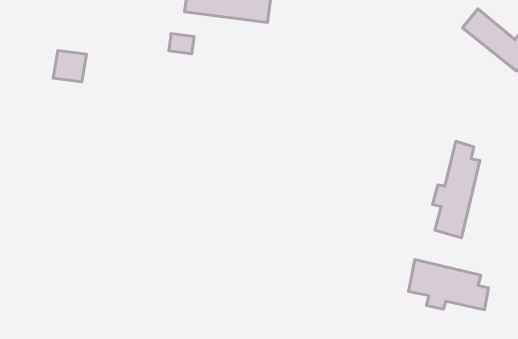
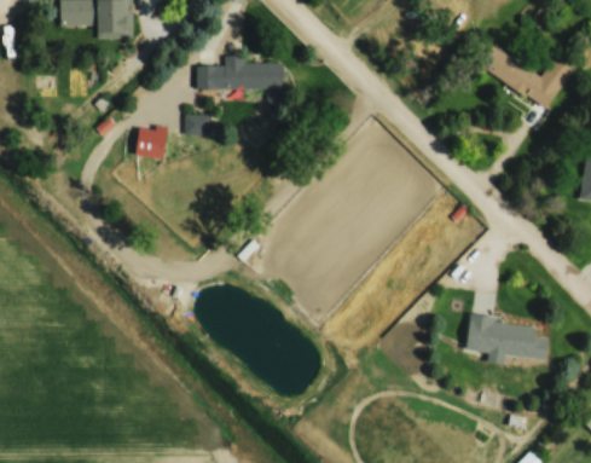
building: [53,51,87,82] -> [135,127,167,156]
building: [433,141,480,238] -> none

